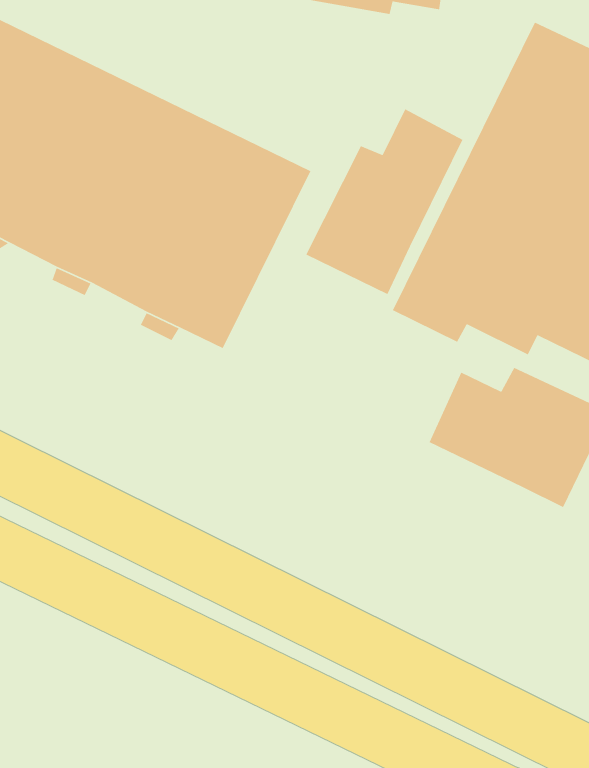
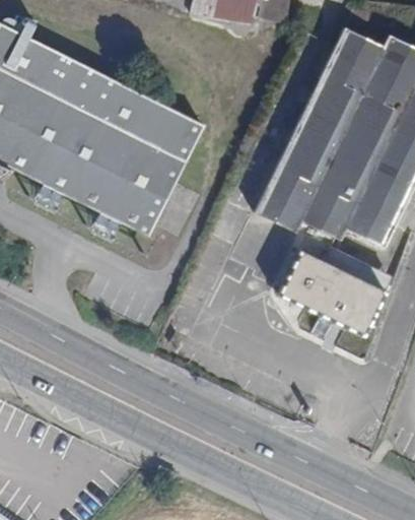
building: [305,108,464,295] -> none

